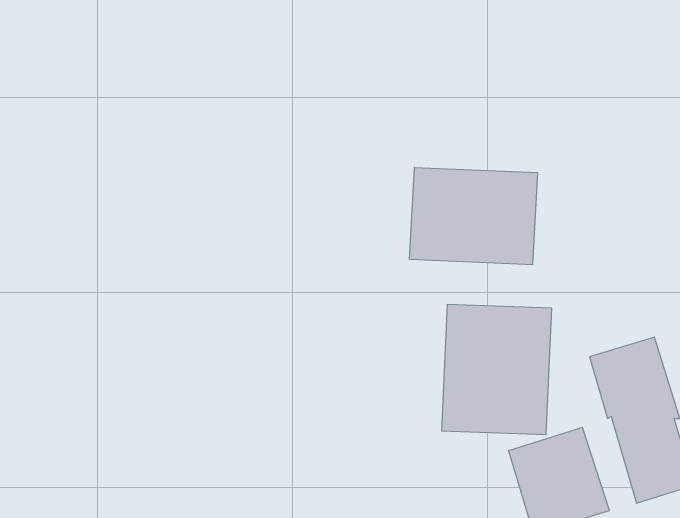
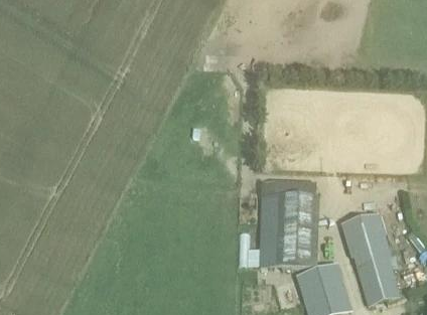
building: [410,167,537,265] -> none

